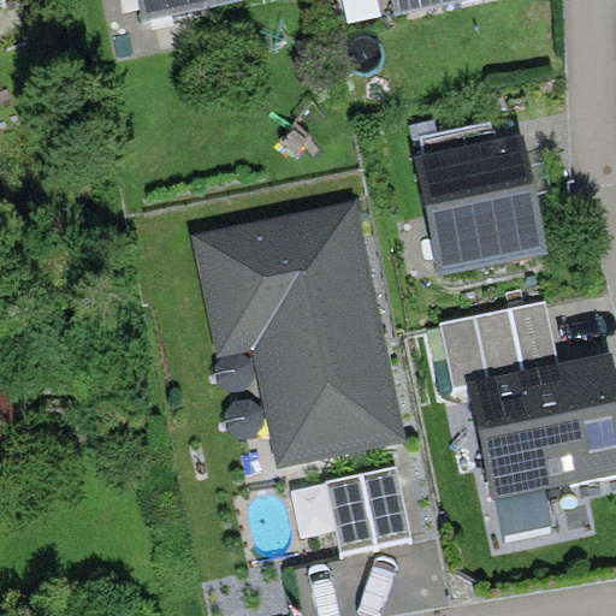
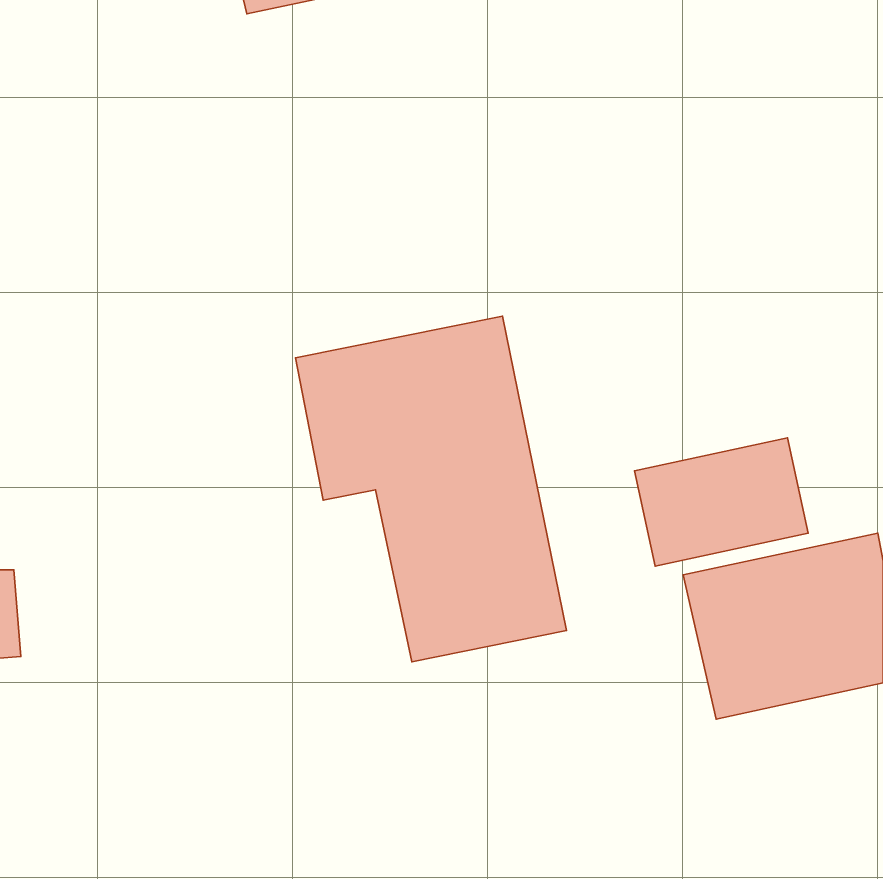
building: [414,124,537,271] -> none
building: [325,468,411,555] -> none

